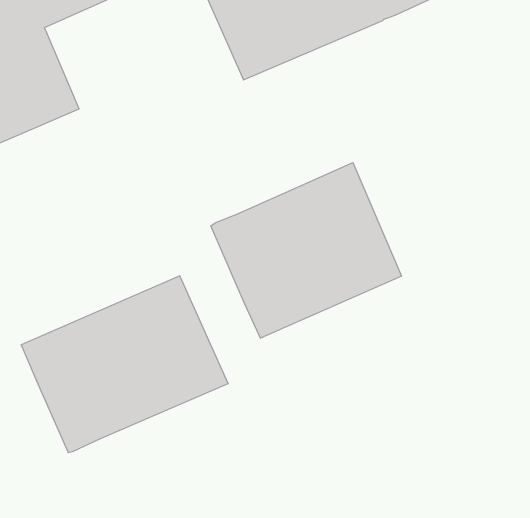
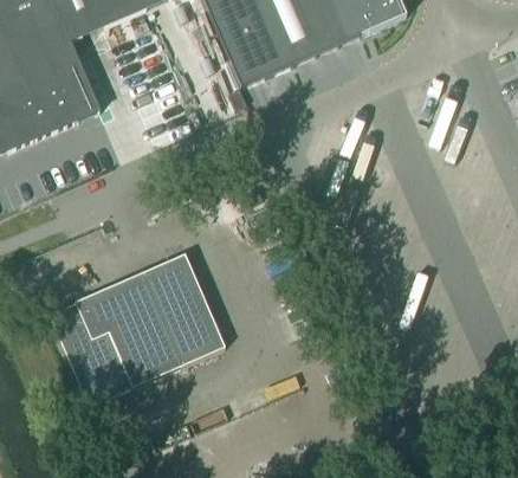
building: [211,163,402,338] -> none

